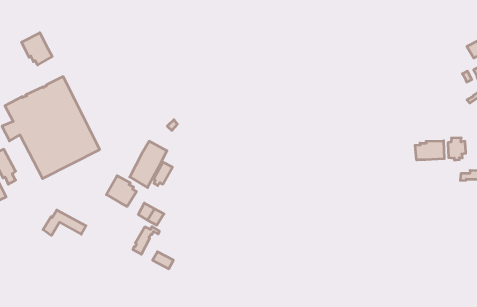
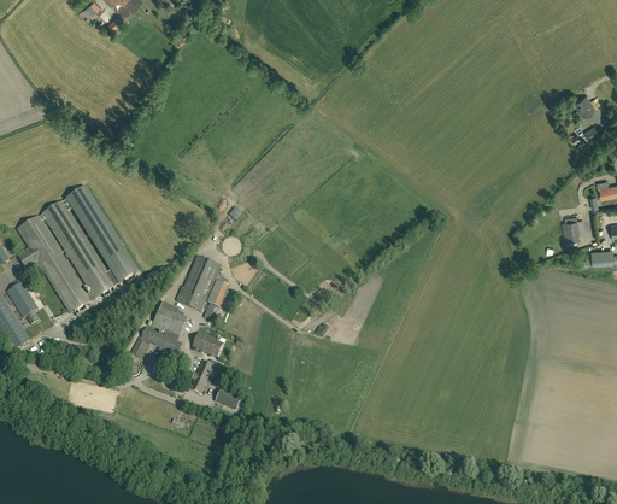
building: [22,33,52,65] -> none
building: [415,141,444,160] -> none
building: [43,210,86,235] -> [131,328,183,359]

